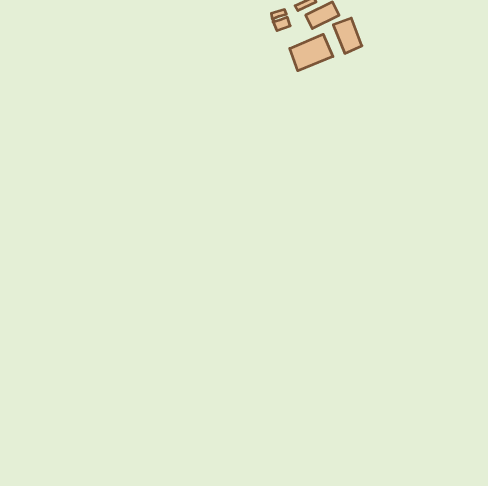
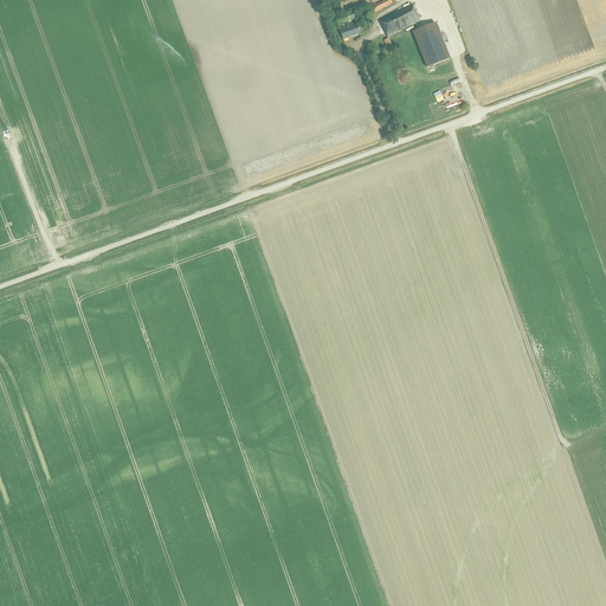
building: [290,34,333,71] -> none

